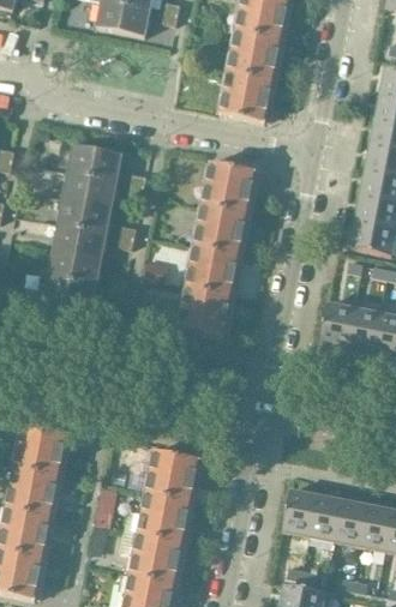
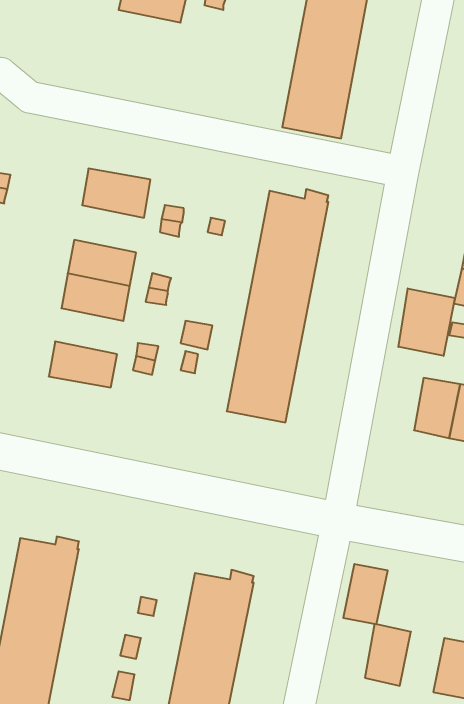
building: [62,170,115,206] -> none
building: none -> [398,288,455,356]
building: [48,248,100,283] -> none
building: [308,493,342,539] -> [343,564,388,624]

